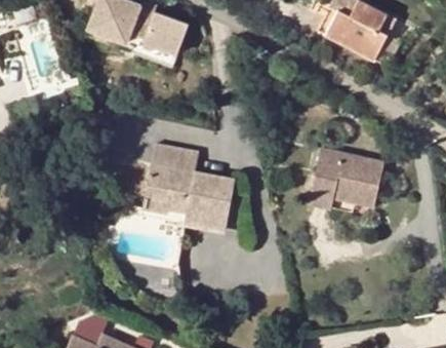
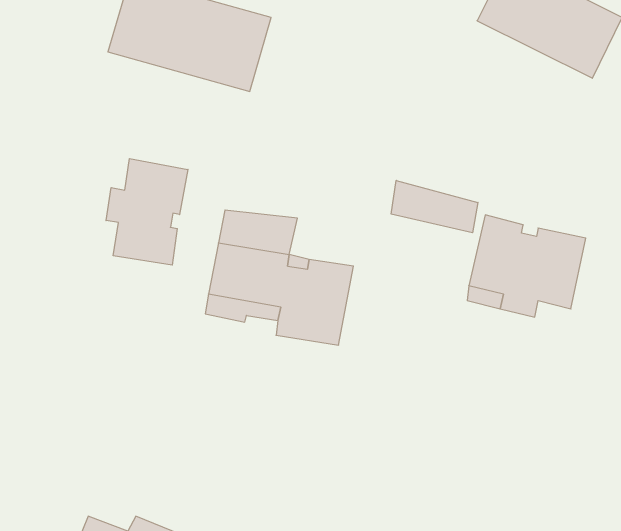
building: none -> [106,159,188,265]
building: none -> [391,180,478,233]

